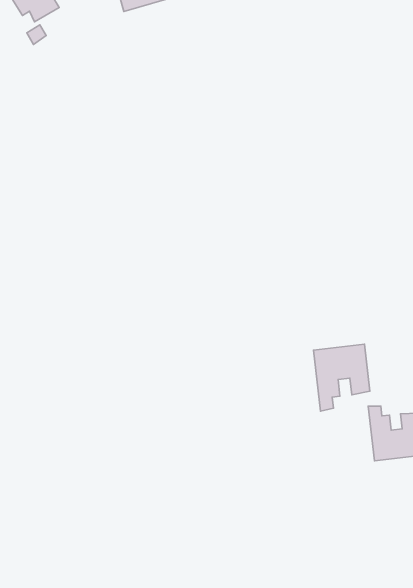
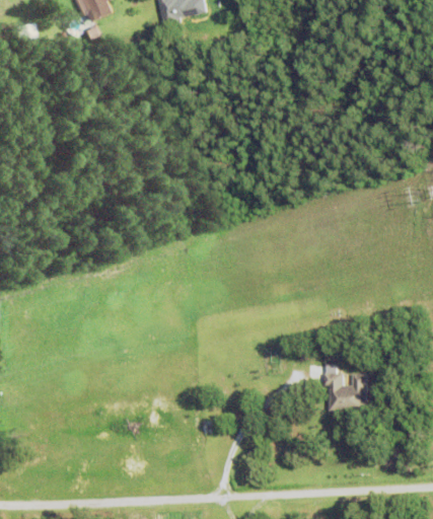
building: [313,344,370,411] -> none

